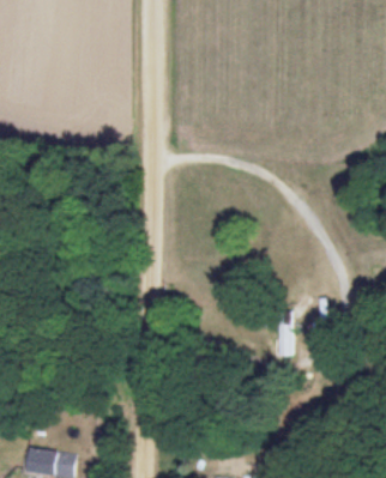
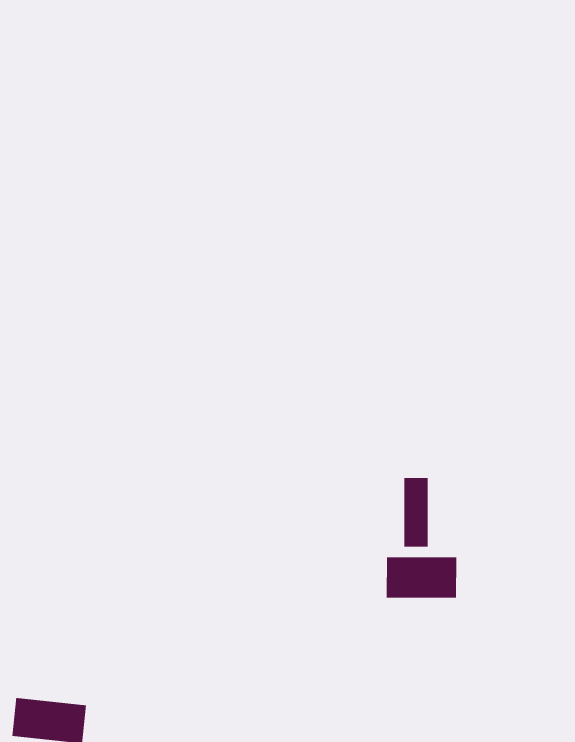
building: none -> [386,557,457,599]

